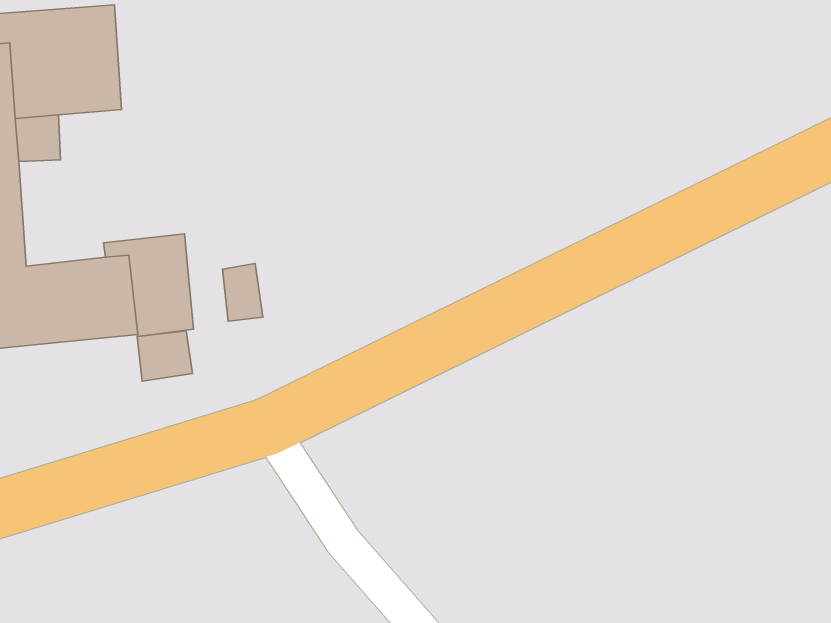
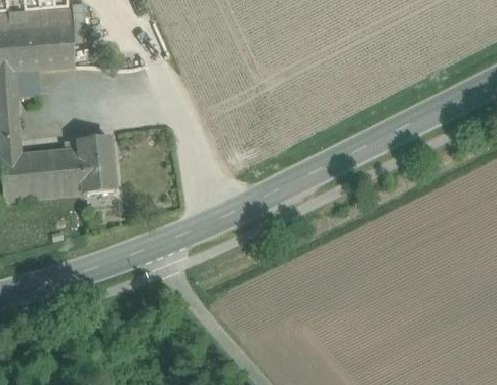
building: [222,263,263,321] -> none
building: [137,331,193,381] -> none

